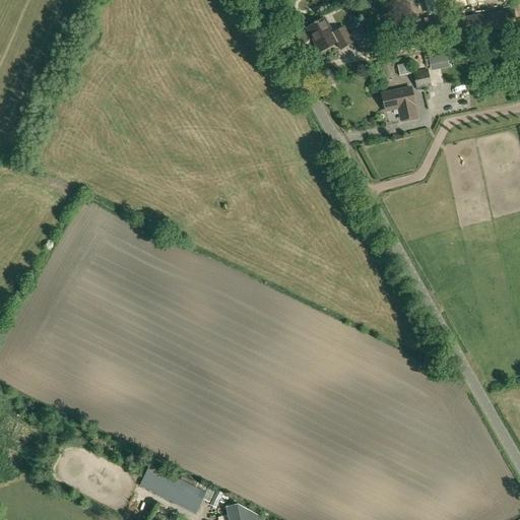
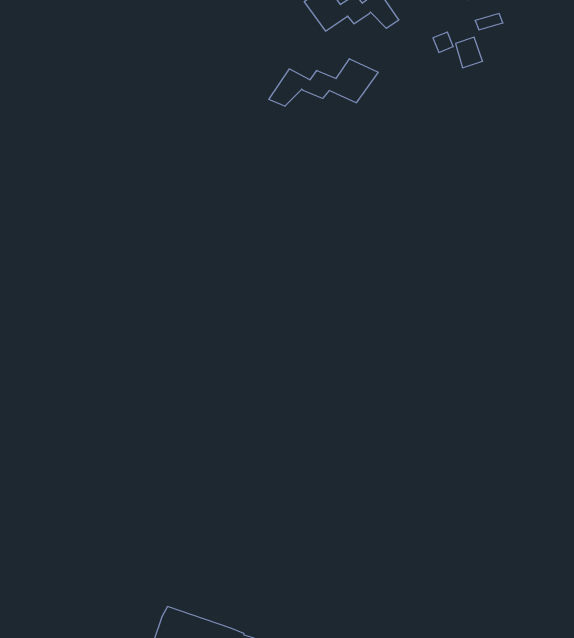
building: none -> [269,59,378,106]
building: [381,86,416,120] -> none

